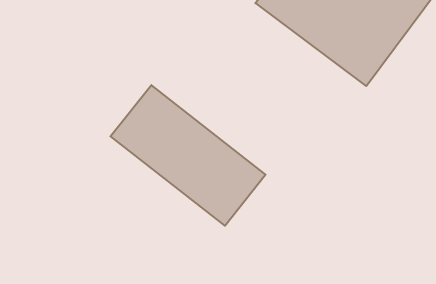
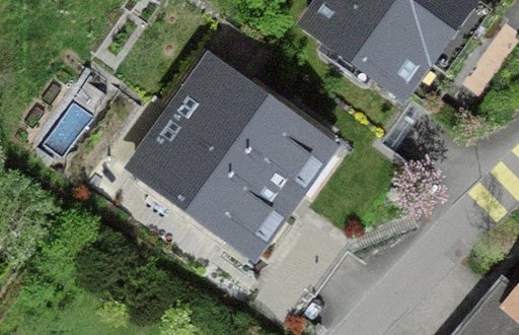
building: none -> [171,51,340,205]

